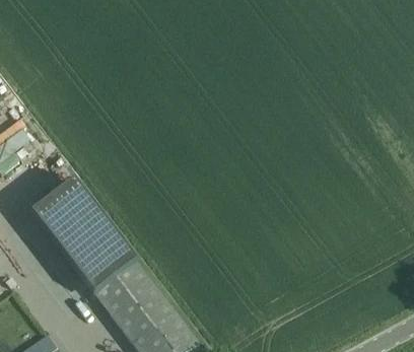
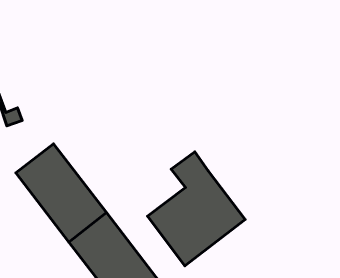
building: none -> [148,152,245,266]

